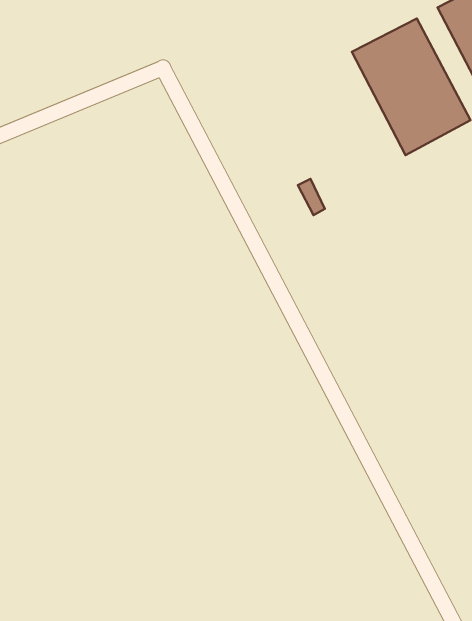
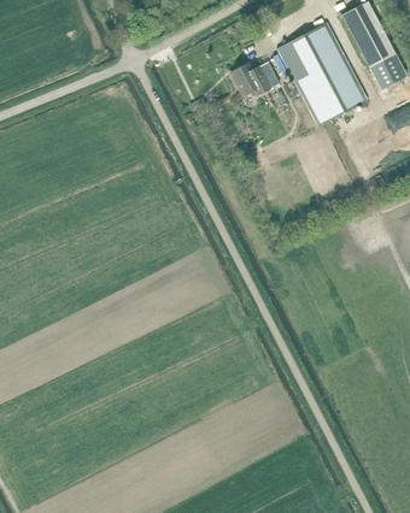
building: none -> [230,64,270,96]

